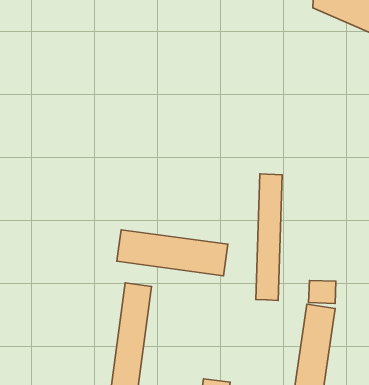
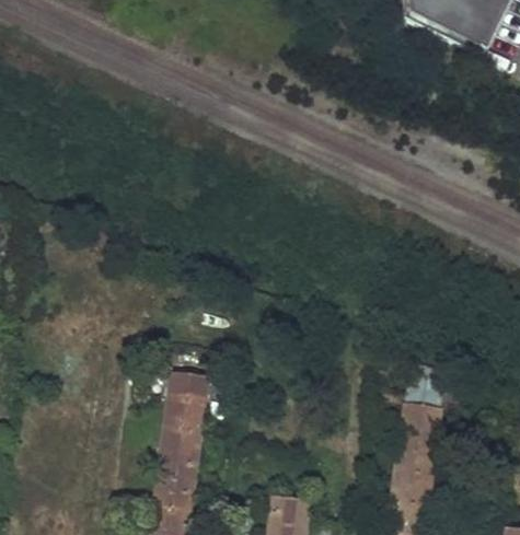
building: [256,174,282,300] -> none
building: [117,230,228,276] -> none

